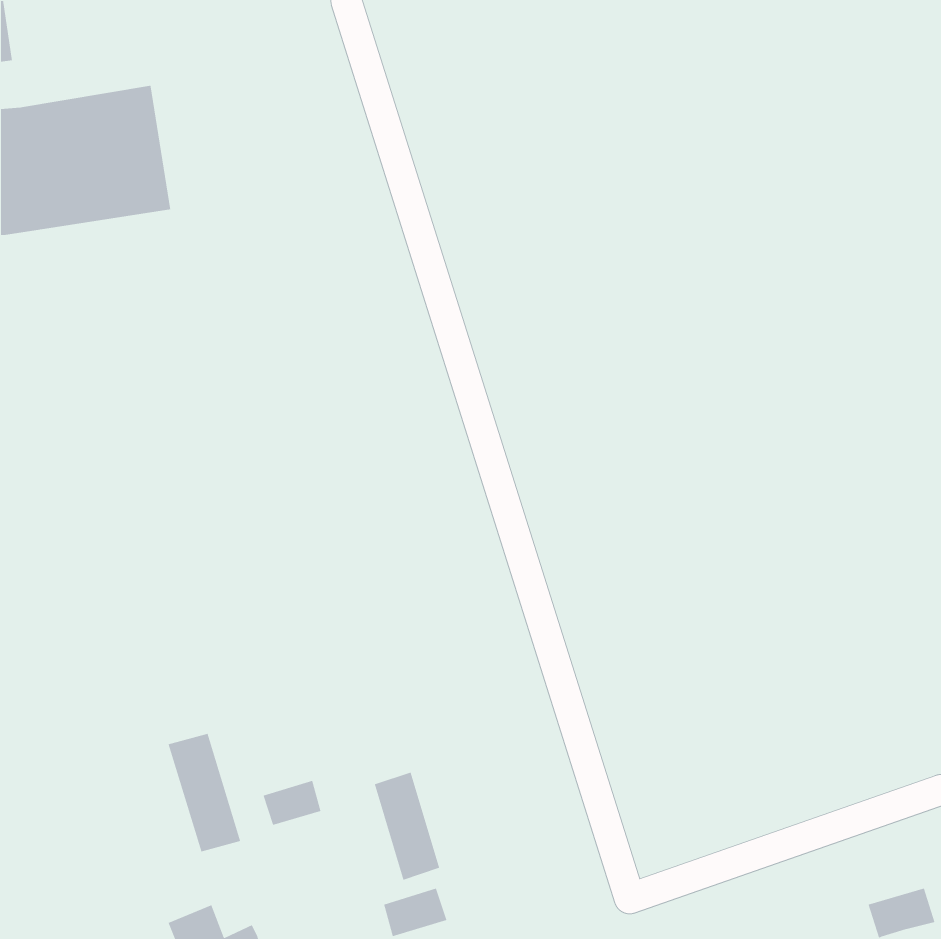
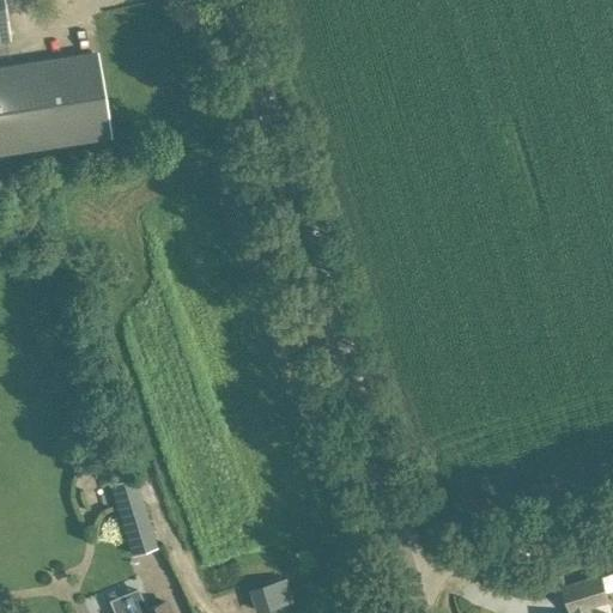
building: [374,771,440,881] -> none
building: [262,780,322,826] -> none

